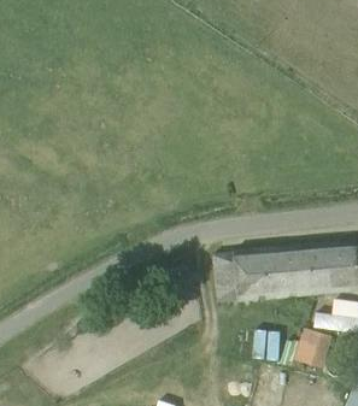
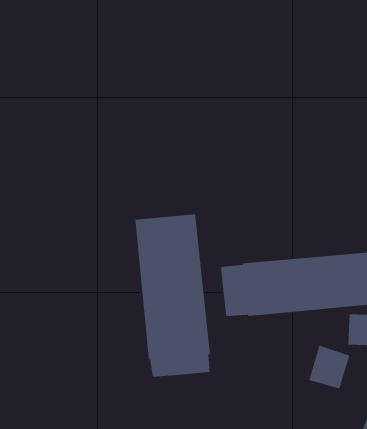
building: none -> [135,214,210,378]

